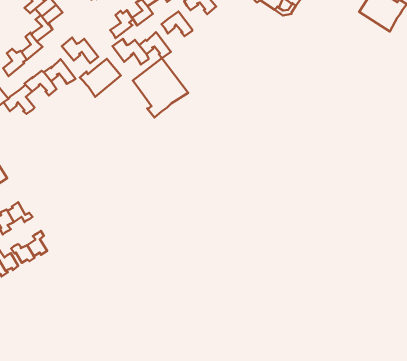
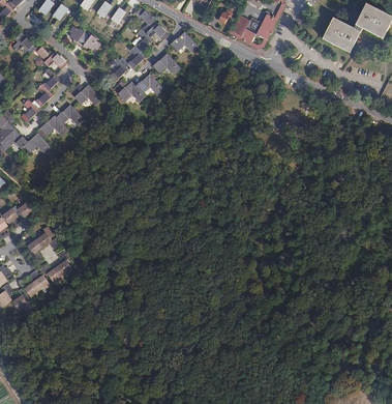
building: [133,58,188,117] -> none
building: [80,59,121,97] -> none

